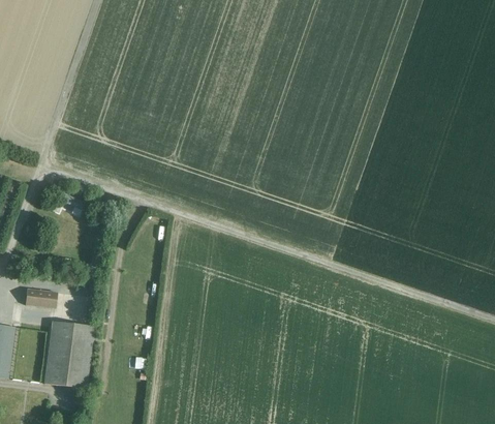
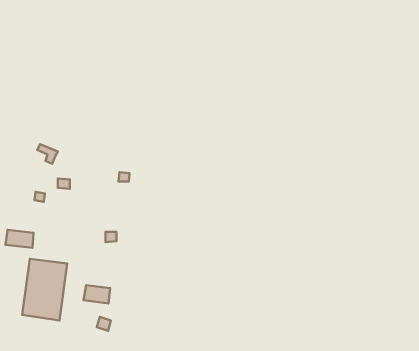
building: none -> [83,285,110,304]

